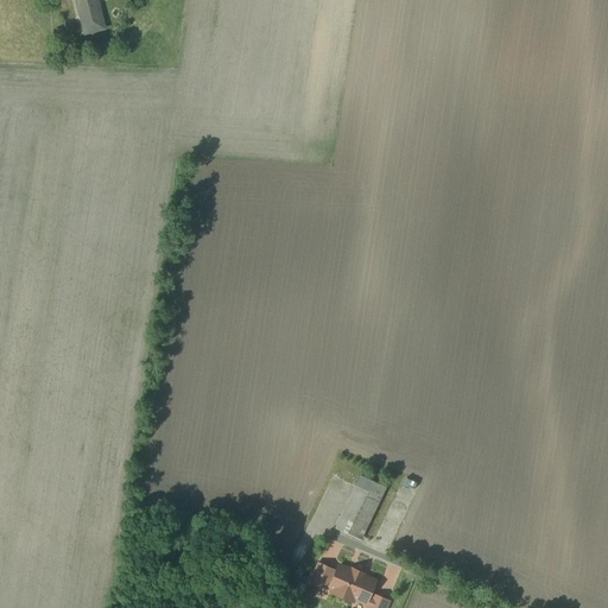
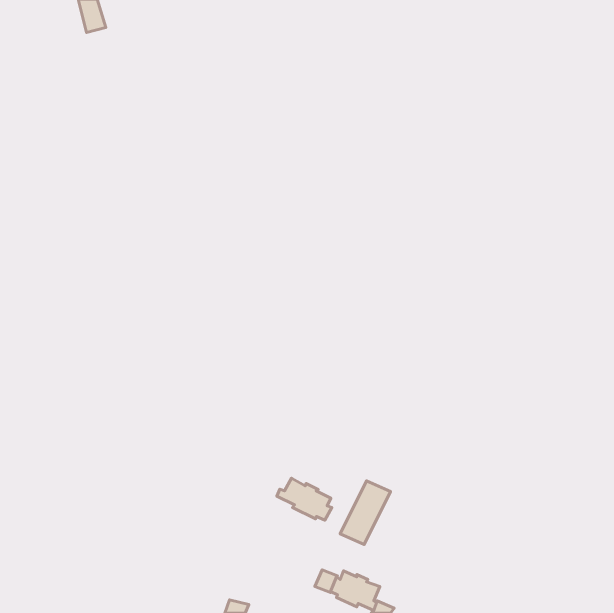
building: none -> [277,478,332,520]

